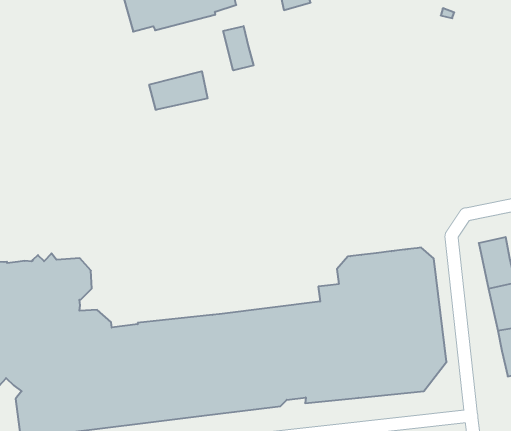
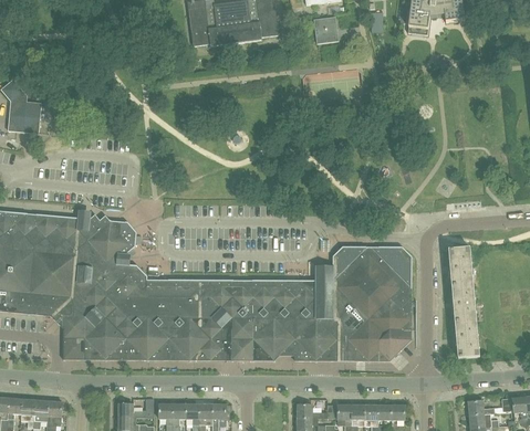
building: [223,26,254,70] -> none
building: [149,71,208,110] -> none

